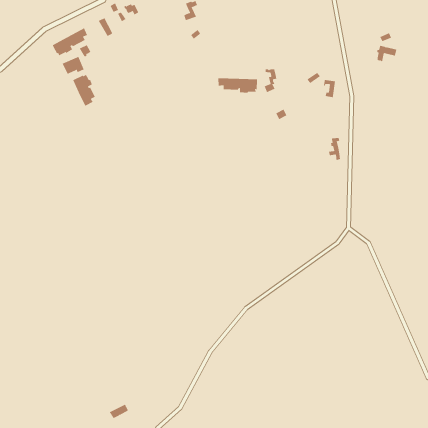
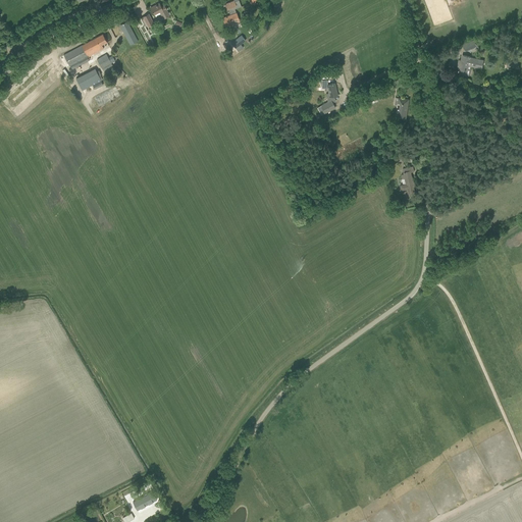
building: [72,74,96,107] -> none
building: [218,78,257,94] -> none

